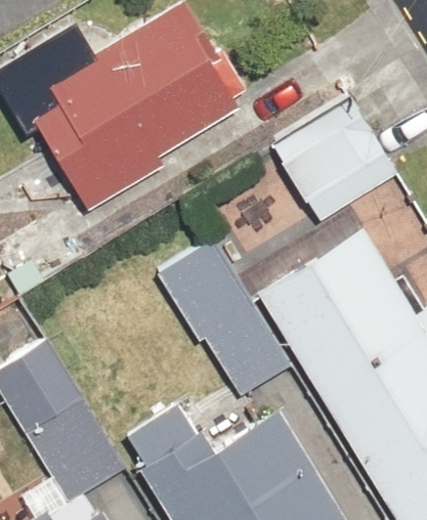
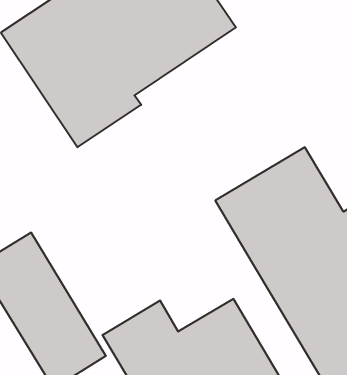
building: [268,97,398,224] -> none
building: [159,241,293,399] -> none

